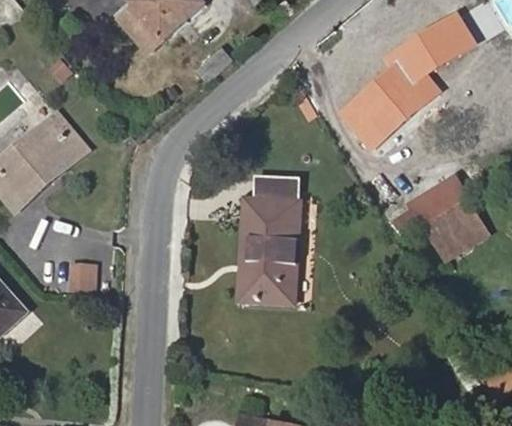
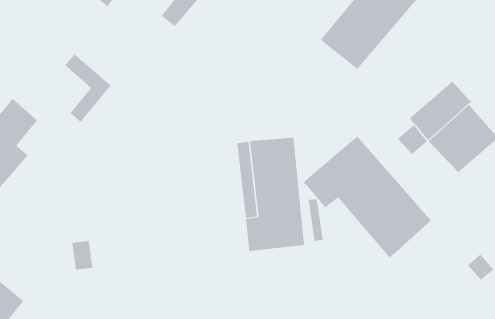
building: [43,112,86,177] -> [65,54,111,123]
building: [262,177,299,201] -> none
building: none -> [303,135,432,258]

